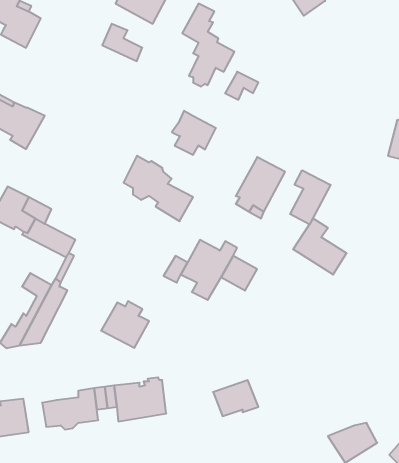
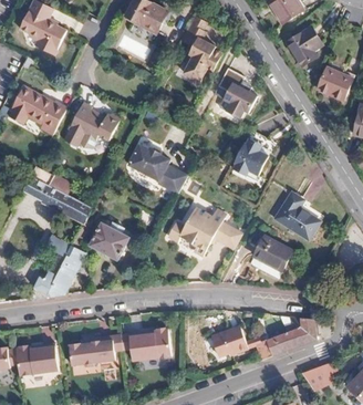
building: none -> [288,27,322,64]
building: none -> [319,66,356,101]
building: none -> [63,101,122,146]
building: [172,111,216,155] -> [224,83,260,120]
building: [290,170,331,224] -> none
building: none -> [253,233,292,269]
building: [101,301,149,348] -> [94,220,134,259]
building: none -> [253,315,317,356]

